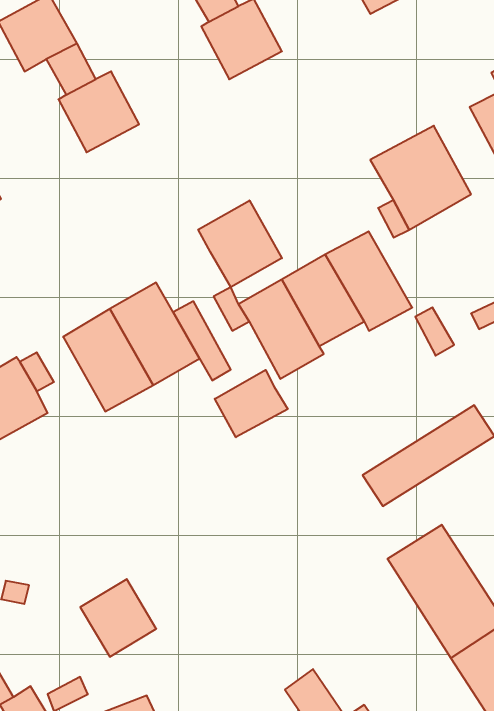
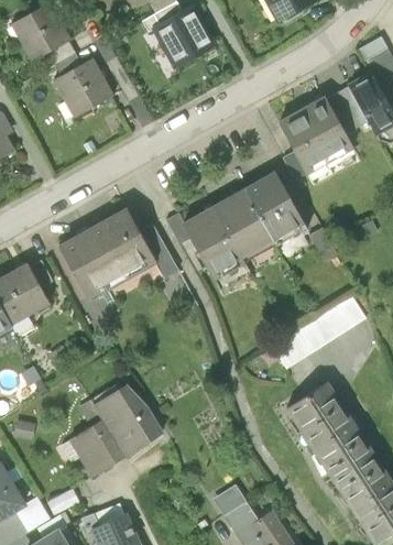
building: [198,200,282,287] -> none
building: [215,370,288,437] -> none
building: none -> [95,386,163,456]

